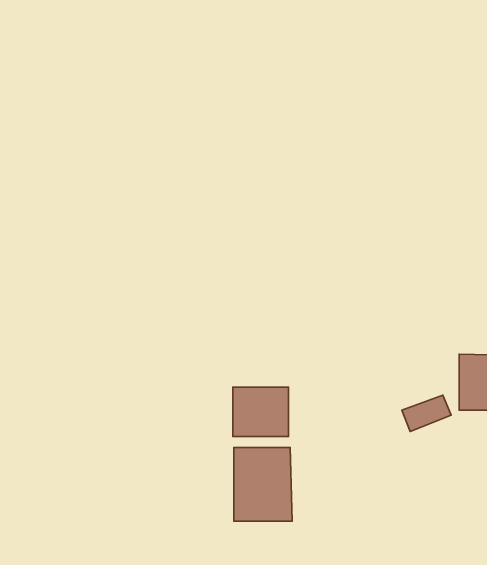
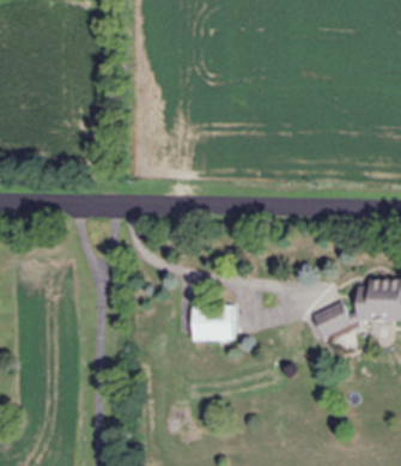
building: [234,447,292,521] -> none

